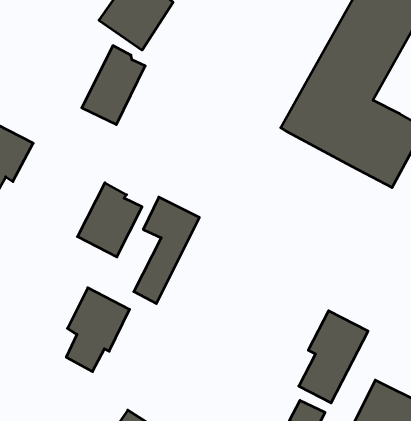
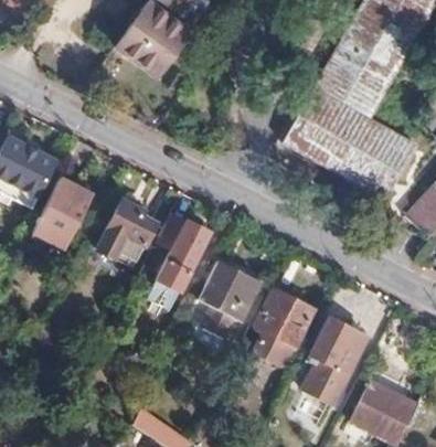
building: [82,46,145,125] -> [33,175,92,248]
building: none -> [253,288,312,365]
building: [66,288,130,372] -> [200,262,258,339]

